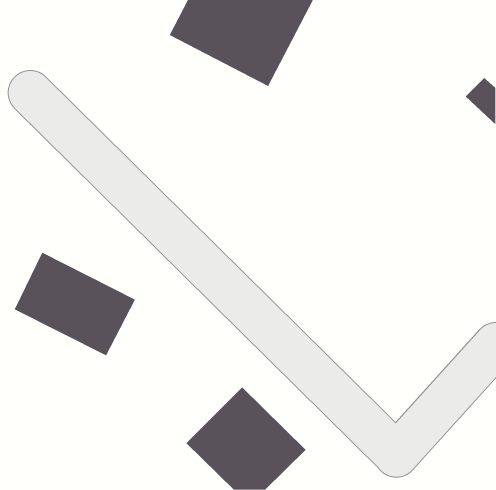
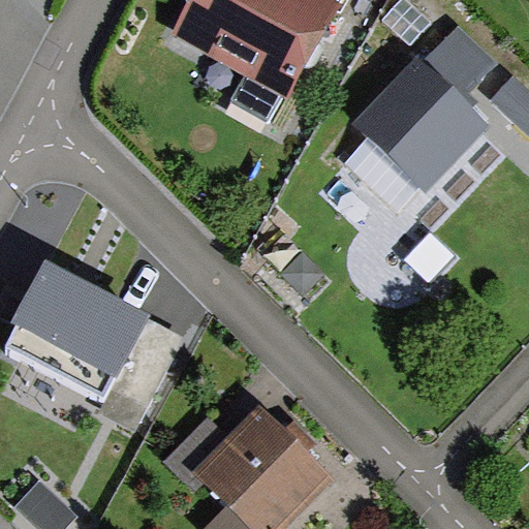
building: none -> [357,31,489,195]

